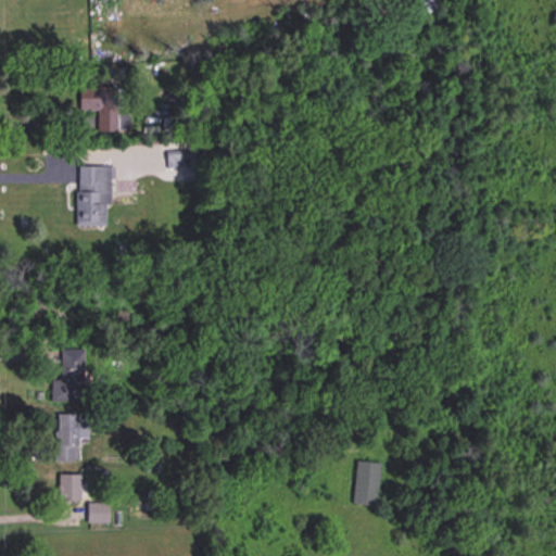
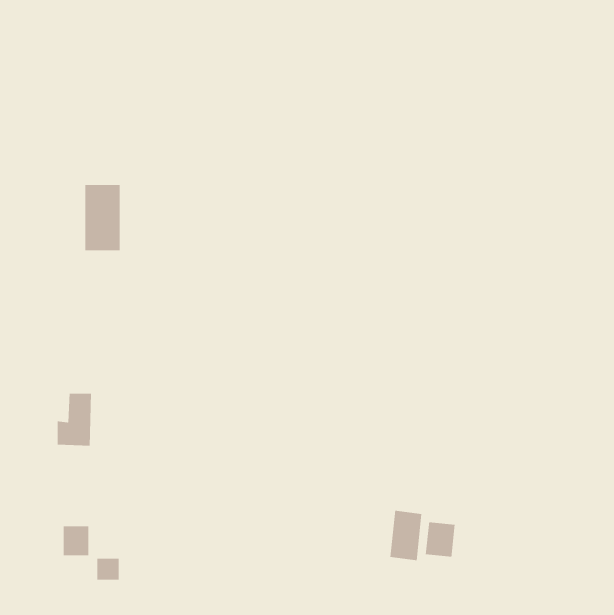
building: [80,86,118,131] -> none
building: [56,414,89,460] -> none
building: none -> [425,521,455,558]

